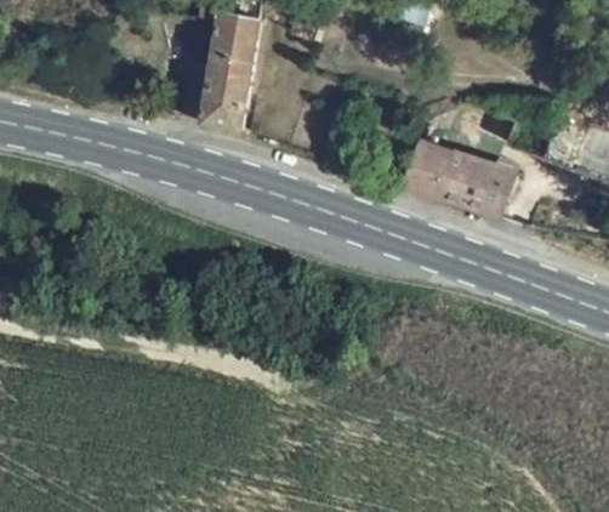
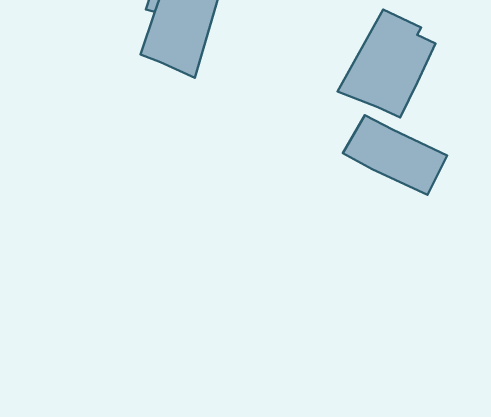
building: none -> [338,9,436,118]

